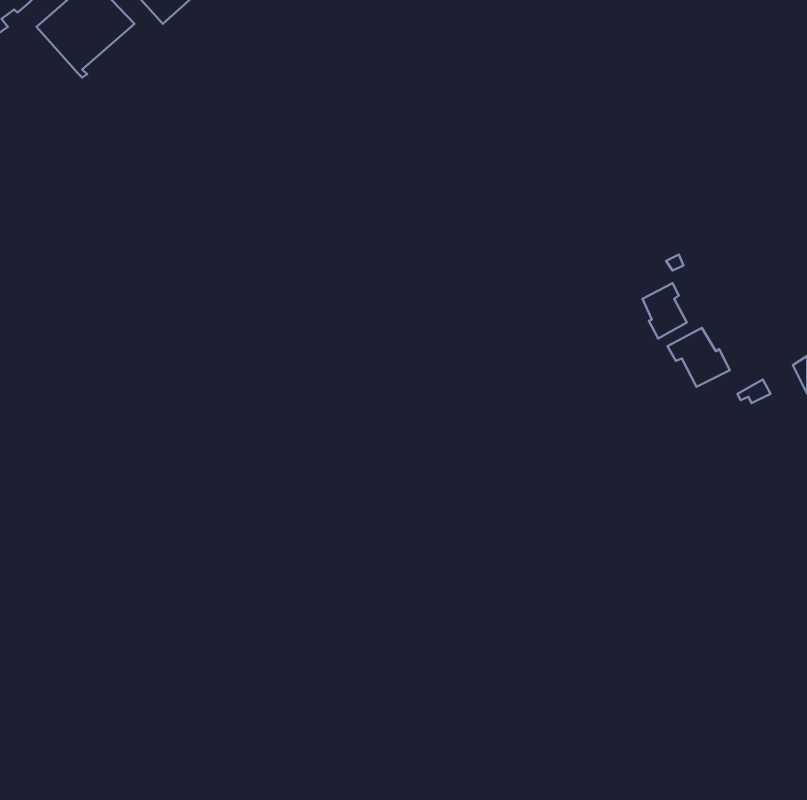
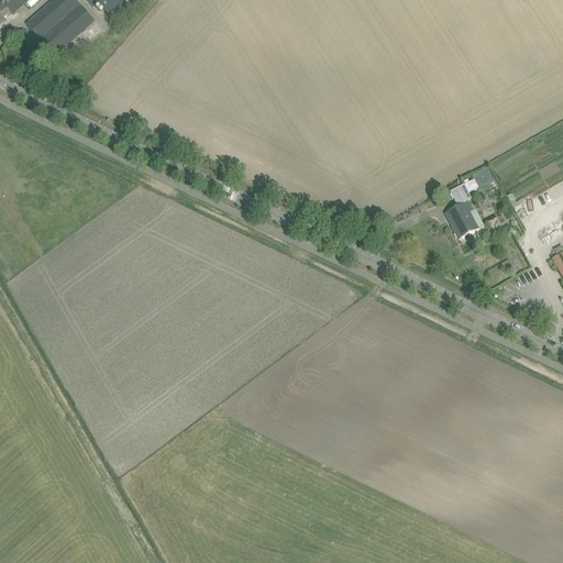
building: [668,328,730,387] -> none

